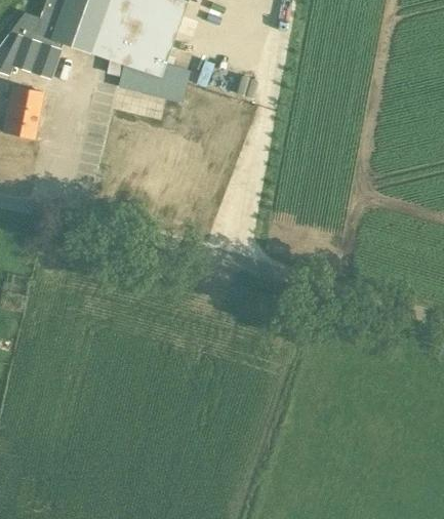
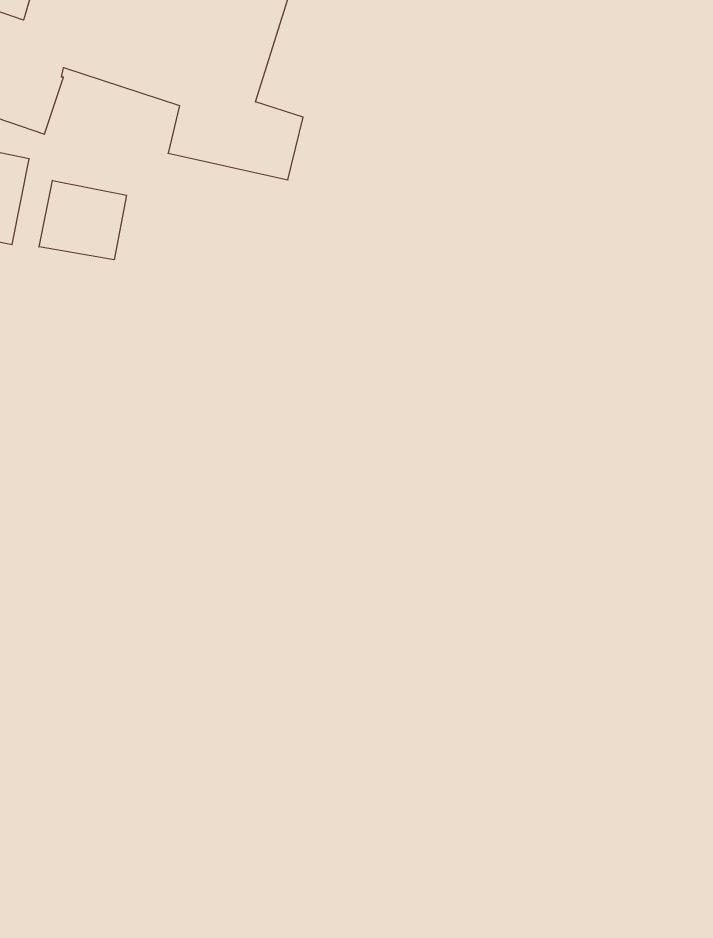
building: none -> [39,180,127,260]

